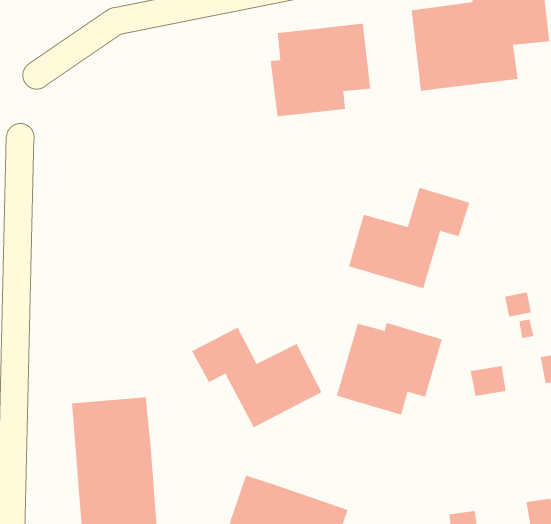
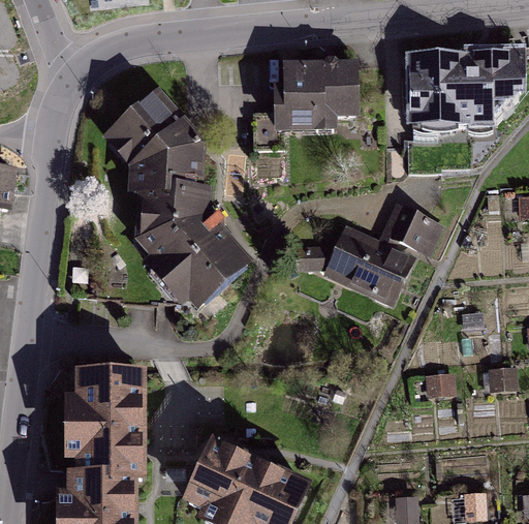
building: none -> [110,93,250,302]
building: [336,322,443,415] -> none
building: [191,327,322,428] -> none

